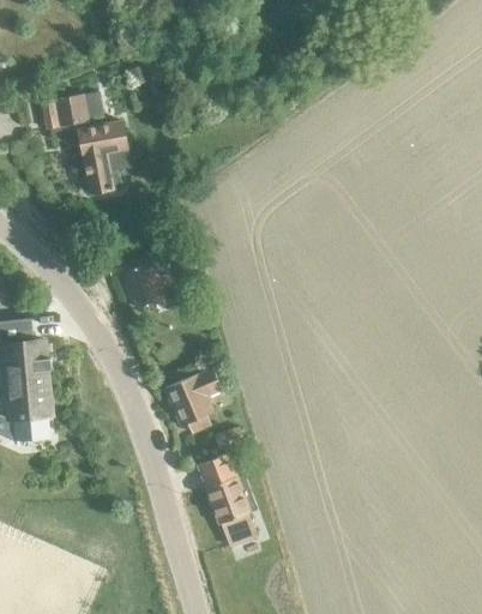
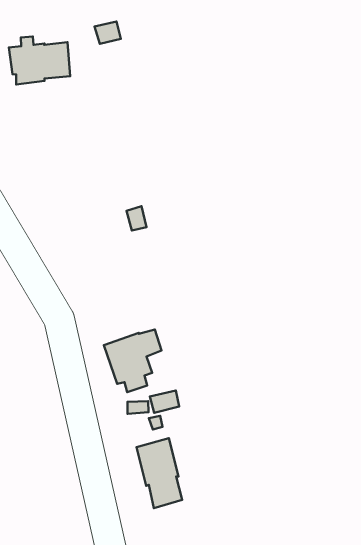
building: [79,122,126,192] -> none
building: [126,265,168,308] -> none

